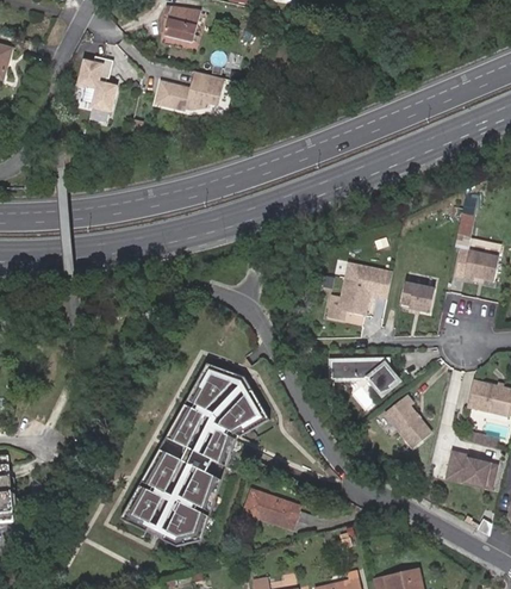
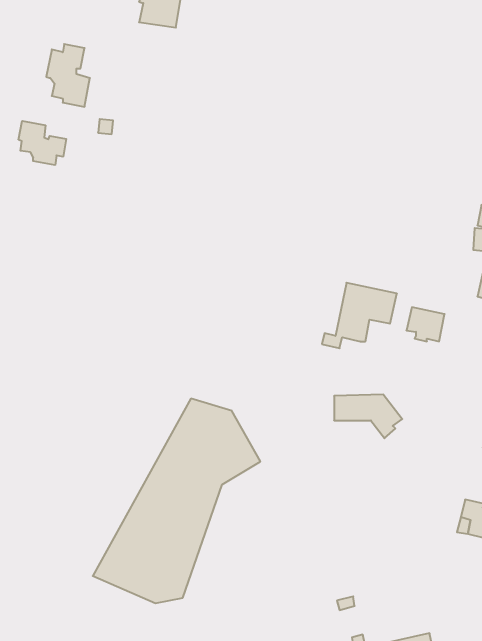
building: [160,66,214,104] -> none
building: none -> [19,121,66,165]
building: [380,395,426,447] -> none
building: [236,486,306,526] -> none

